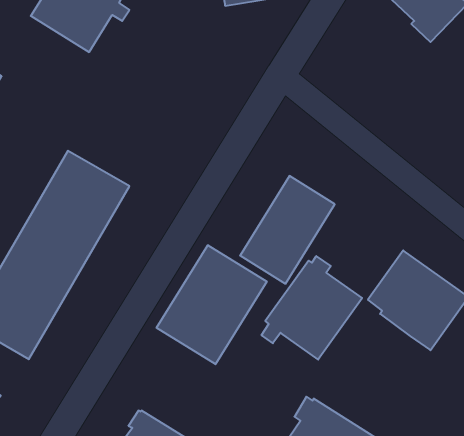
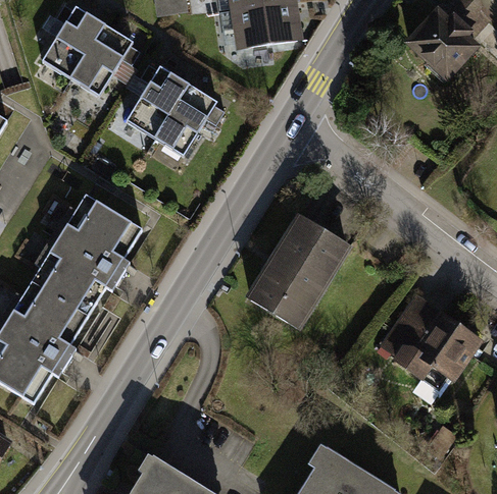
building: none -> [125,63,226,155]
building: [157,245,267,364] -> none
building: [262,256,362,360] -> none

